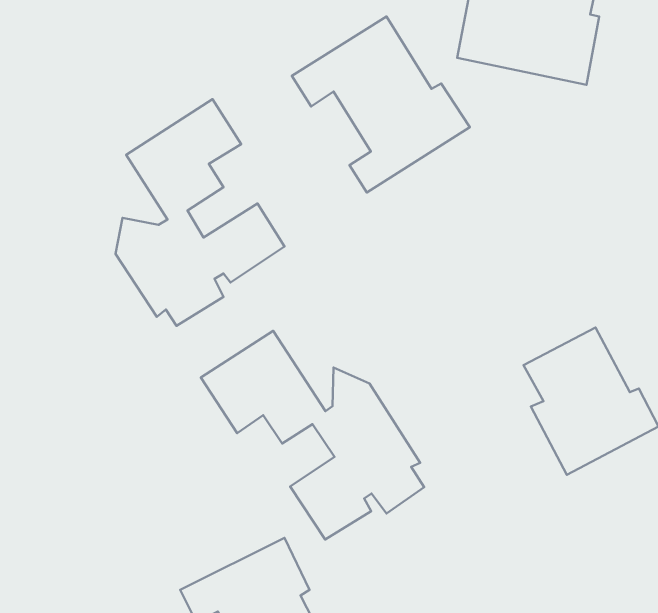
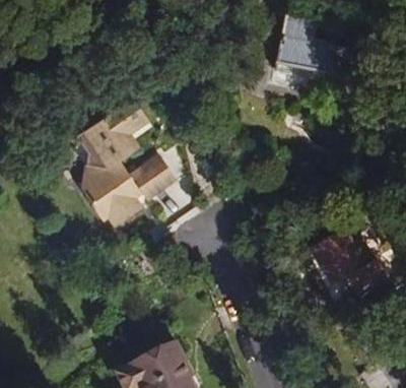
building: [292,16,470,193] -> none
building: [201,331,424,539] -> none

